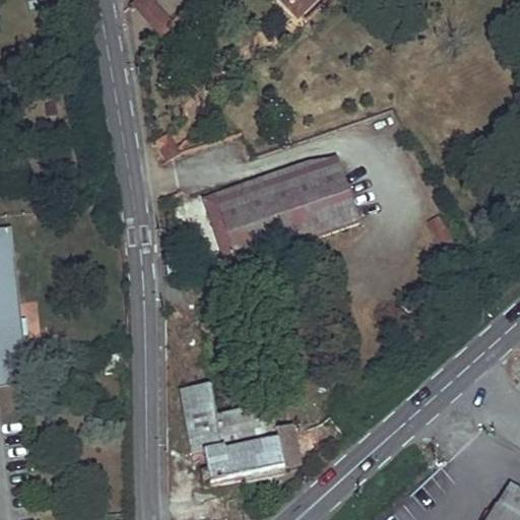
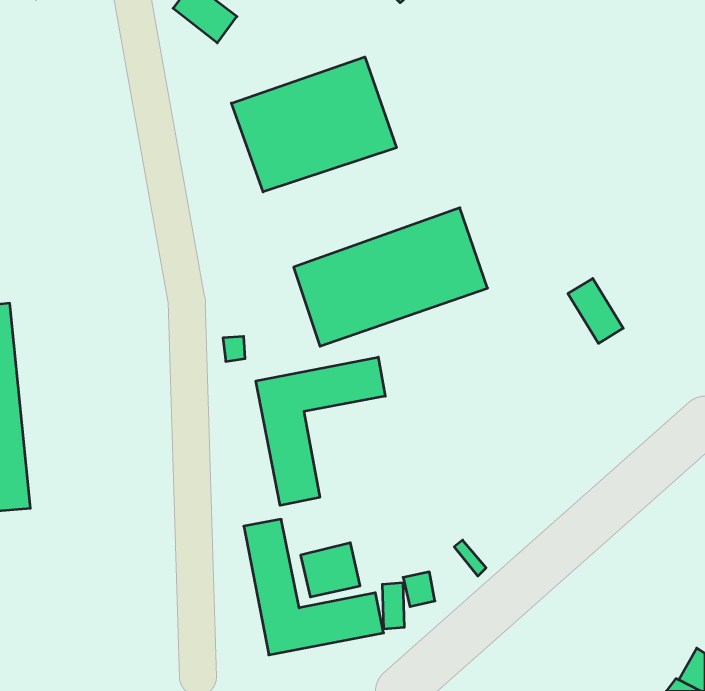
building: none -> [231,57,396,192]
building: none -> [256,357,385,505]

